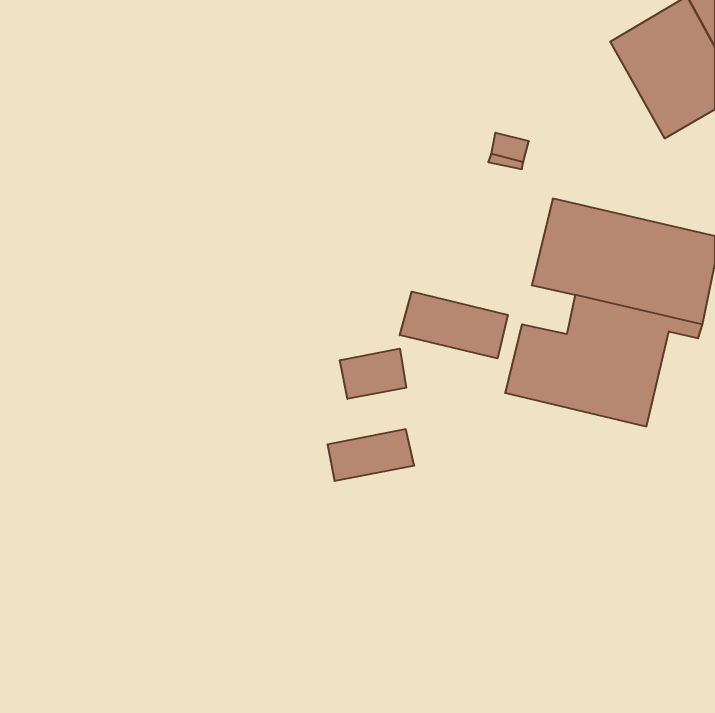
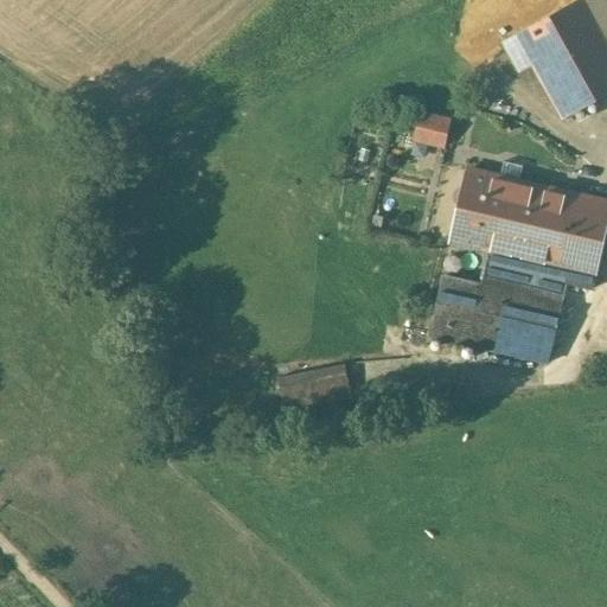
building: [400,292,508,358] -> none
building: [340,349,406,399] -> none

